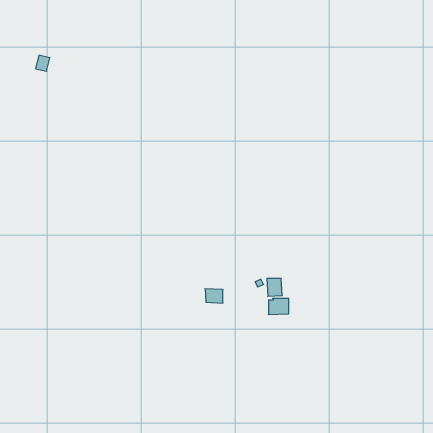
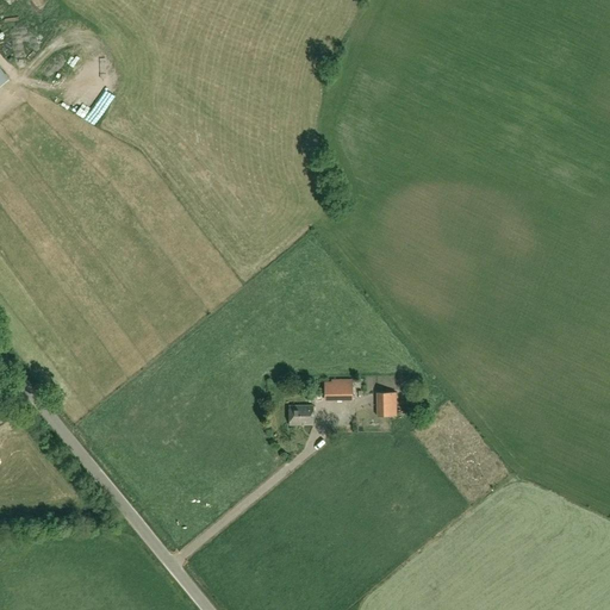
building: [268,298,289,315] -> [324,378,353,400]

